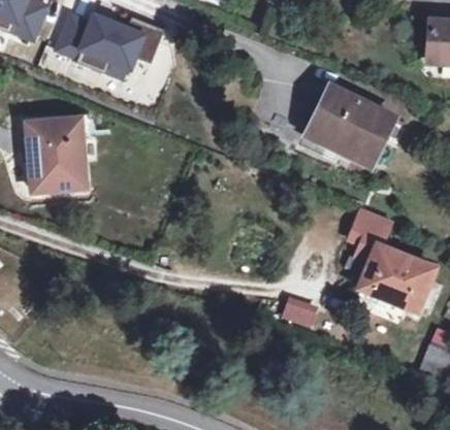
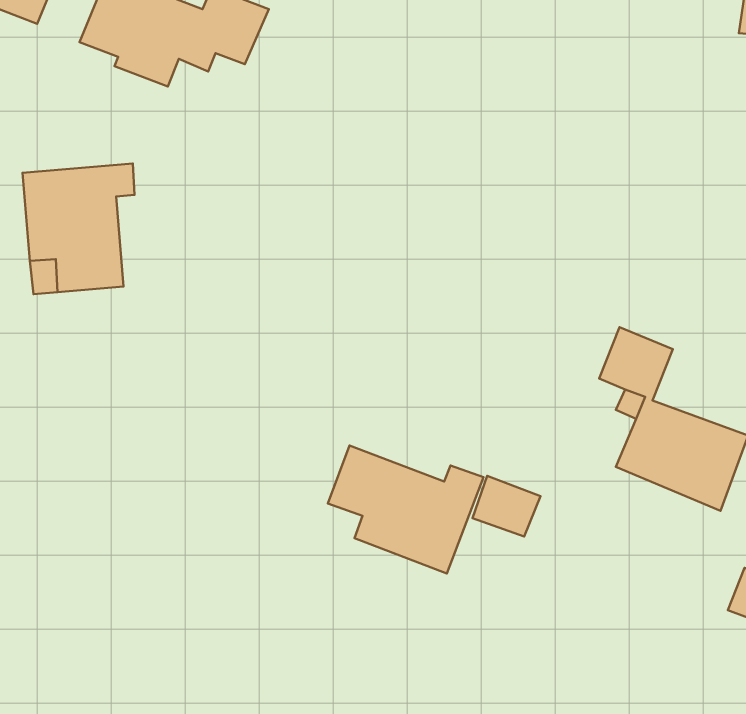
building: [309,89,391,164] -> none
building: none -> [328,446,483,573]

